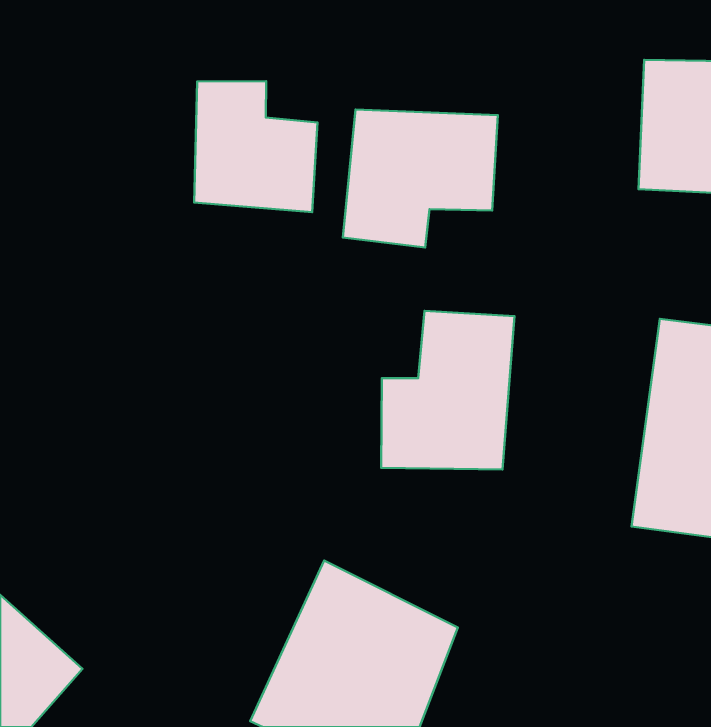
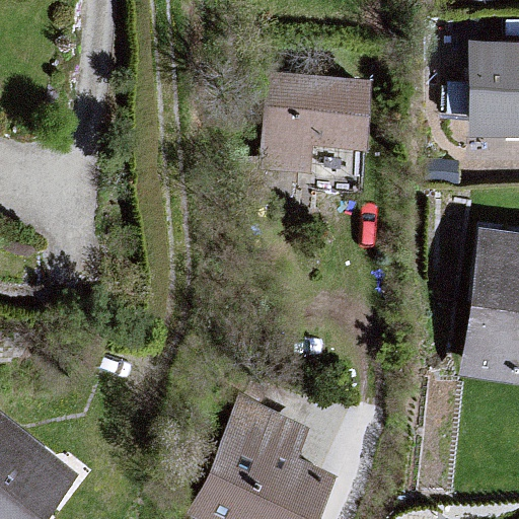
building: [194,81,318,212] -> none
building: [381,311,514,469] -> none

